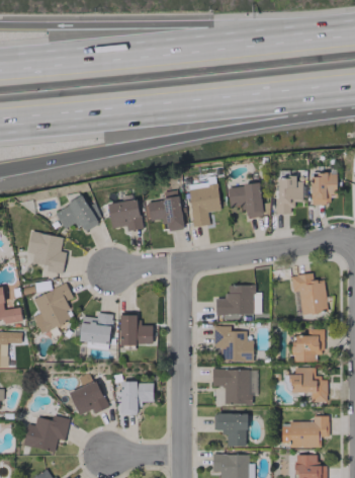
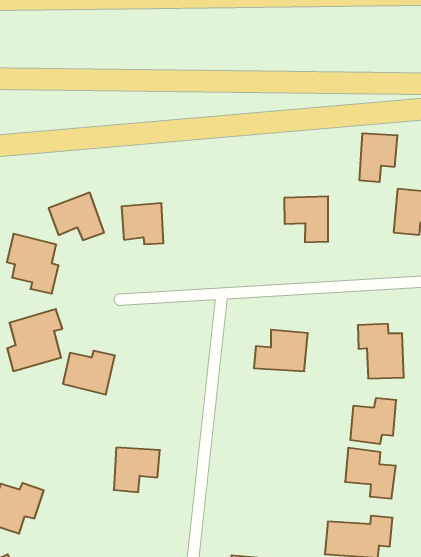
building: [276,178,302,214] -> [359,134,398,182]
building: [188,181,220,227] -> none
building: [145,190,183,232] -> none
building: [120,315,153,345] -> none
building: [213,326,254,363] -> none
building: [211,369,250,405] -> none
building: [69,374,107,415] -> none
building: [213,414,247,447] -> none

